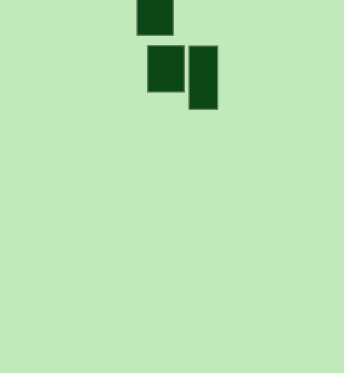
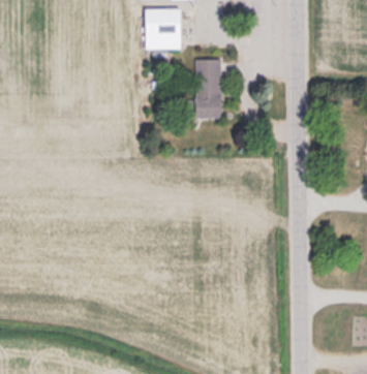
building: [148,46,184,92] -> none

